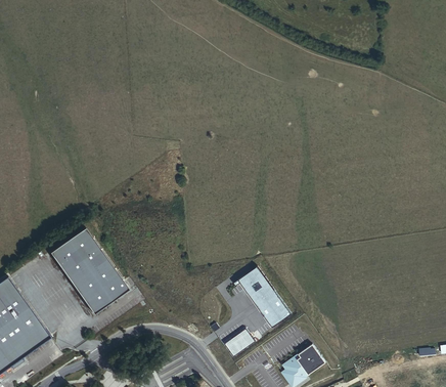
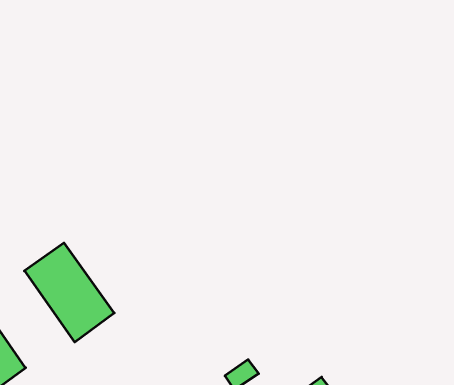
building: [234,267,291,327] -> none

